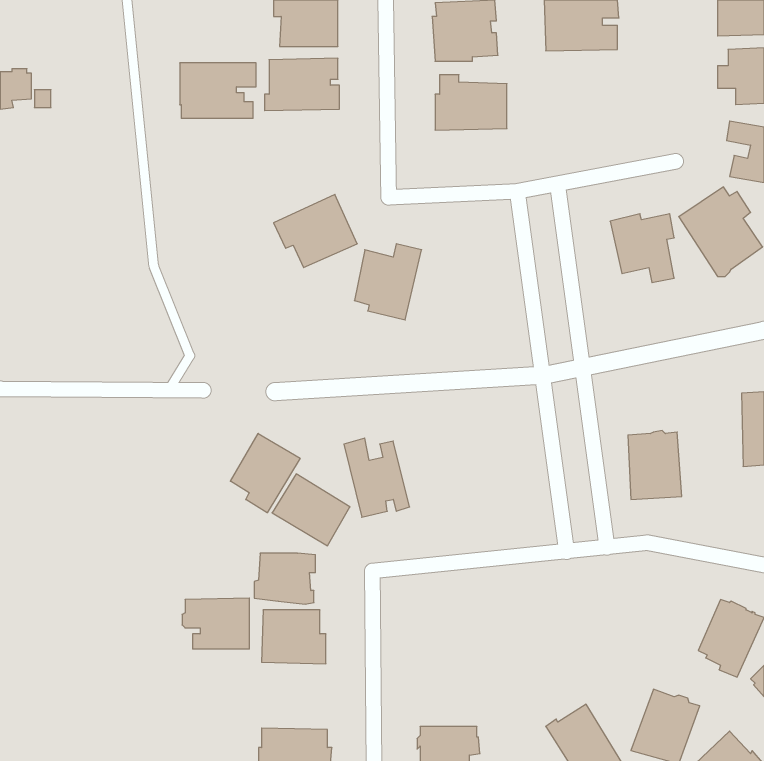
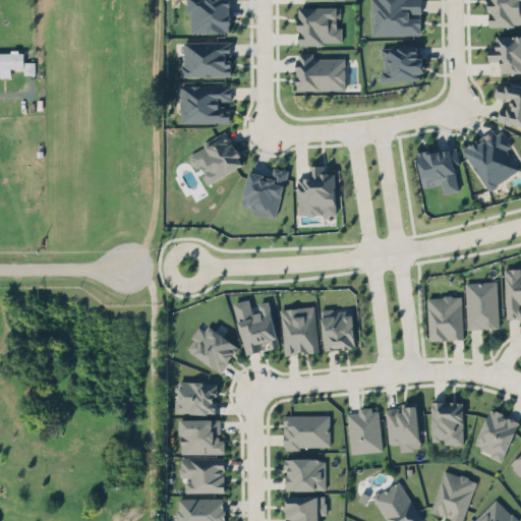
building: [180,63,256,118] -> [180,85,232,123]
building: none -> [380,48,422,83]
building: none -> [294,161,335,220]
building: none -> [465,282,499,330]
building: [230,433,300,513] -> none
building: none -> [280,306,319,355]
building: none -> [321,308,355,351]
building: none -> [431,402,463,445]
building: none -> [386,407,420,453]
building: none -> [347,408,383,455]
building: [182,598,249,649] -> [179,458,225,493]
building: none -> [283,415,330,451]
building: none -> [284,460,326,491]

